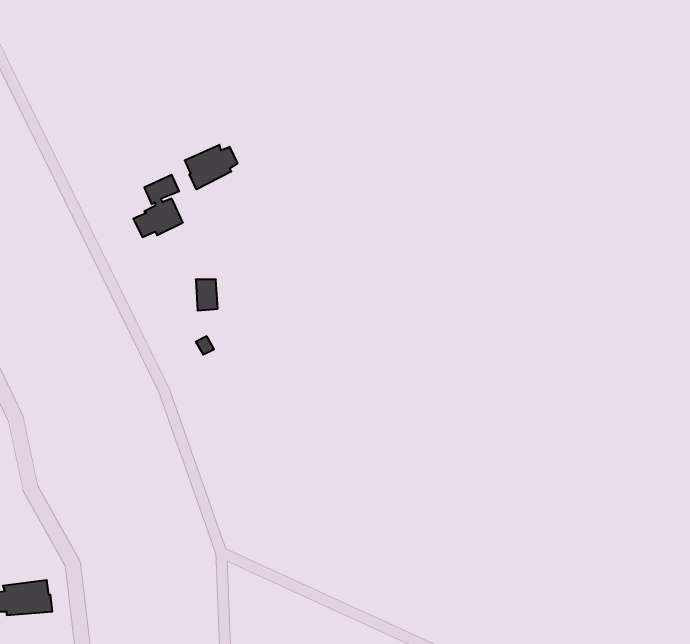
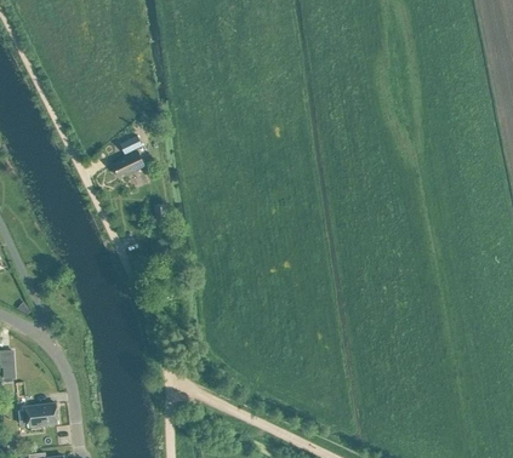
building: [185,145,237,189] -> none

